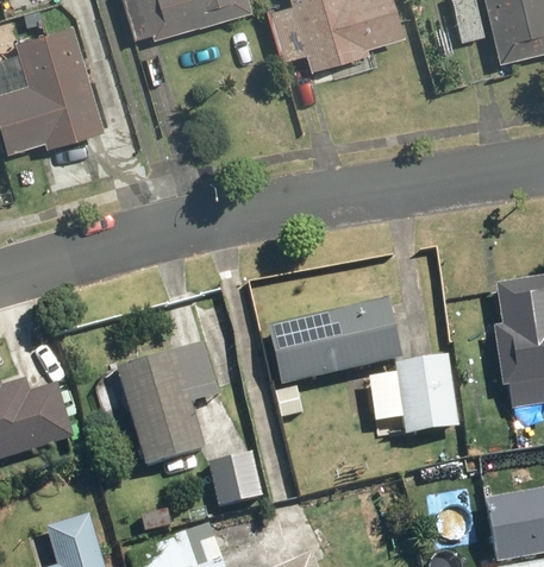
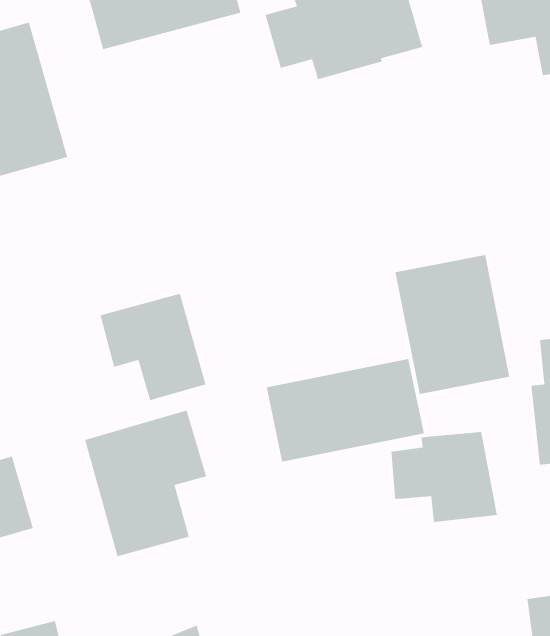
building: none -> [394,254,510,395]
building: none -> [99,293,206,401]
building: [206,448,265,506] -> none

